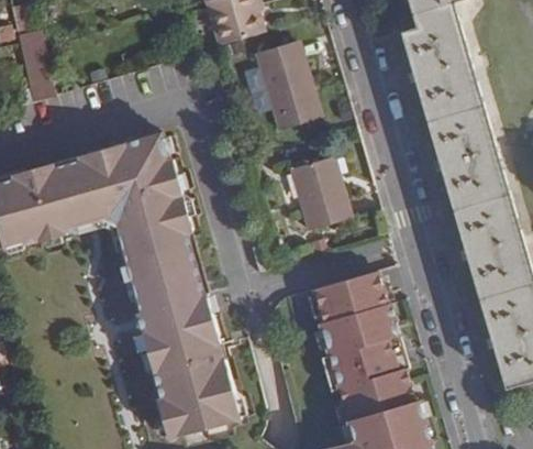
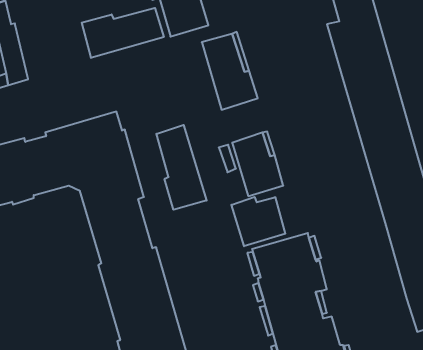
building: none -> [82,8,164,58]
building: none -> [156,125,207,210]
building: none -> [231,197,285,246]

